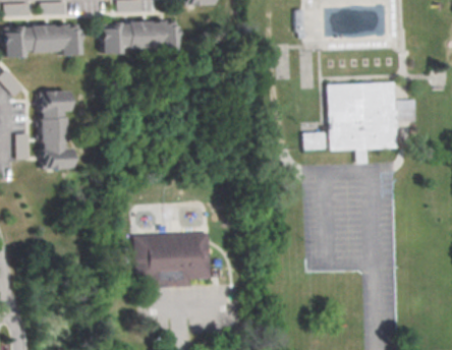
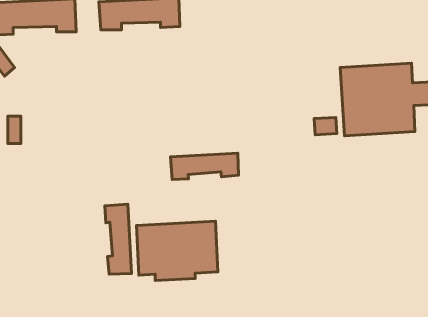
building: [40,90,71,168] -> none
building: none -> [171,153,239,180]
building: none -> [105,204,131,274]

